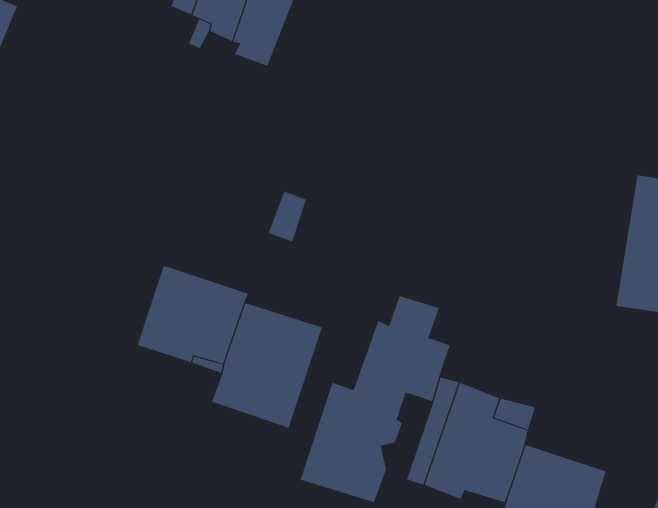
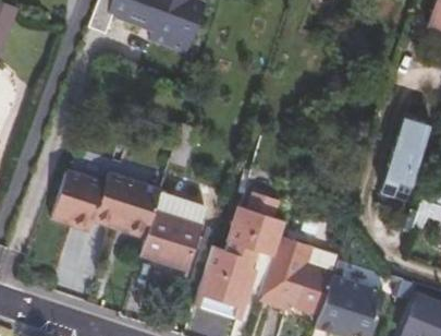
building: none -> [51,169,105,229]

